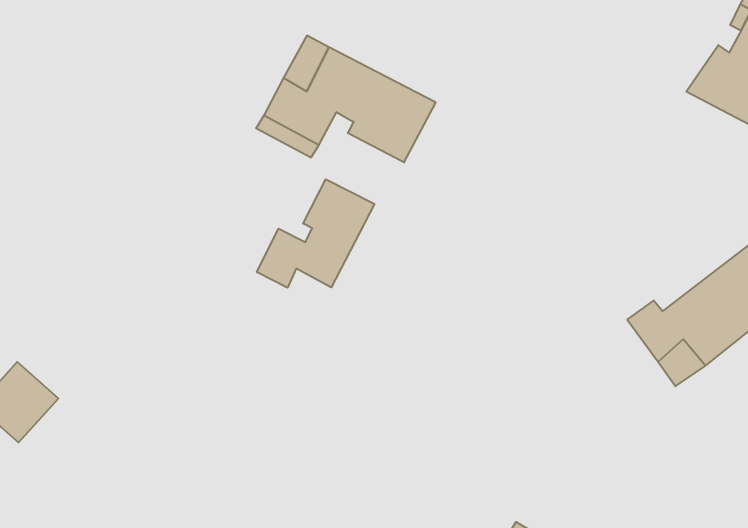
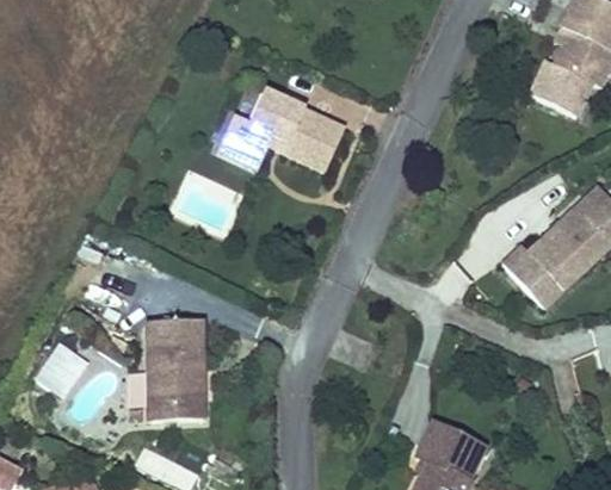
building: [257,179,374,288] -> none
building: none -> [143,320,206,416]

